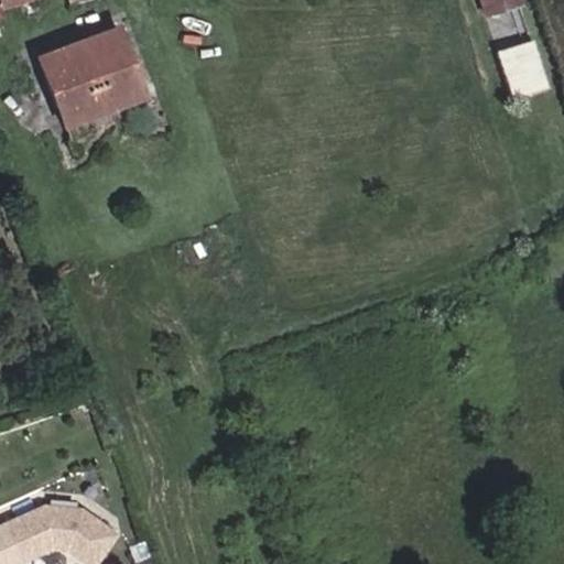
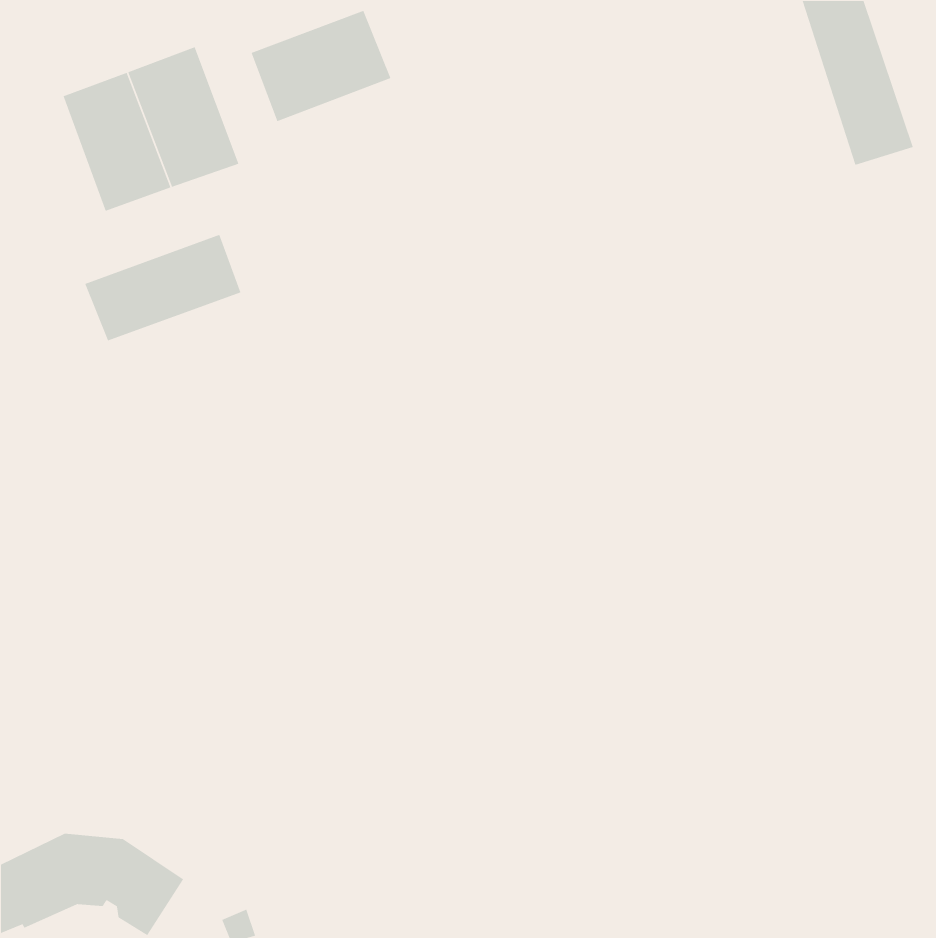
building: none -> [250,10,391,122]
building: none -> [84,234,241,342]

